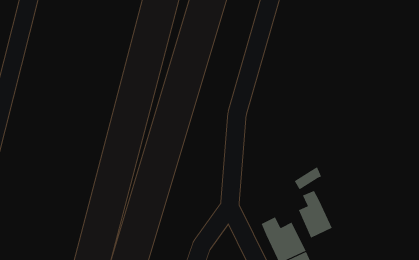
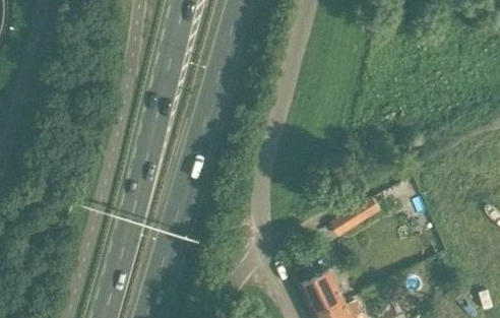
building: [298,190,333,239] -> none

